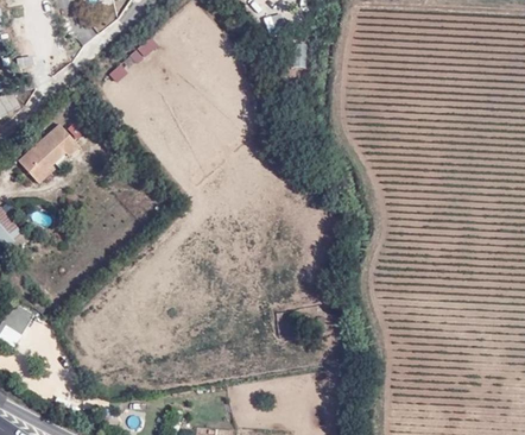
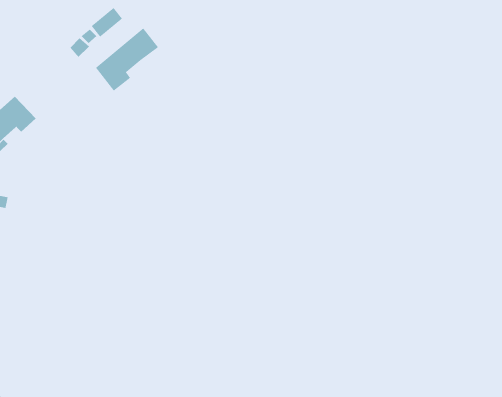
building: none -> [95,28,159,92]

